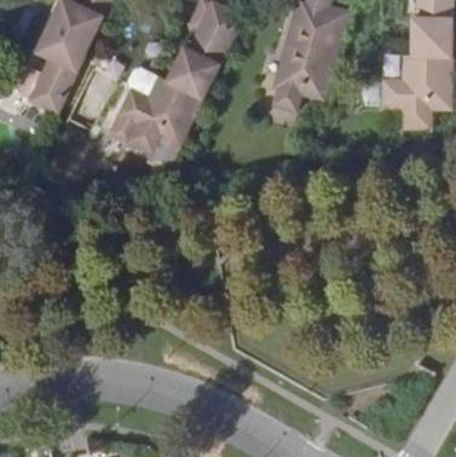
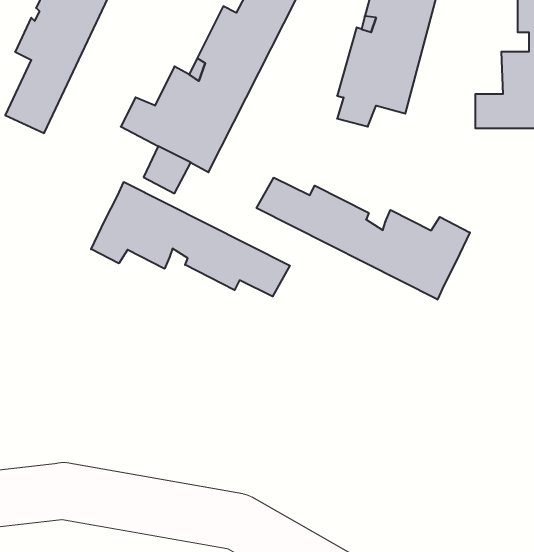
building: none -> [257,178,470,300]
building: none -> [91,182,290,296]

